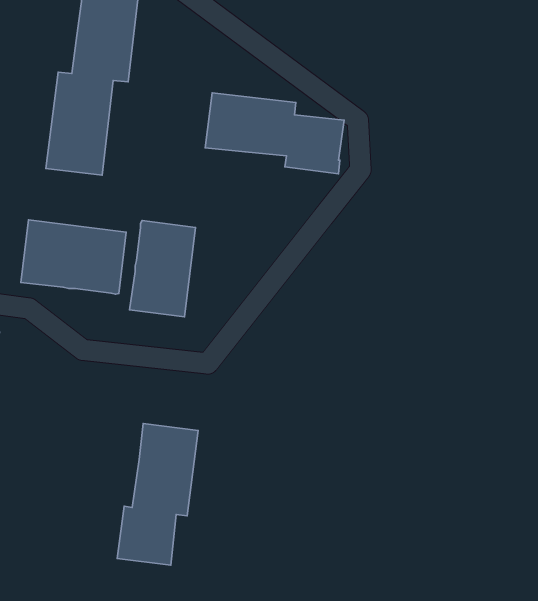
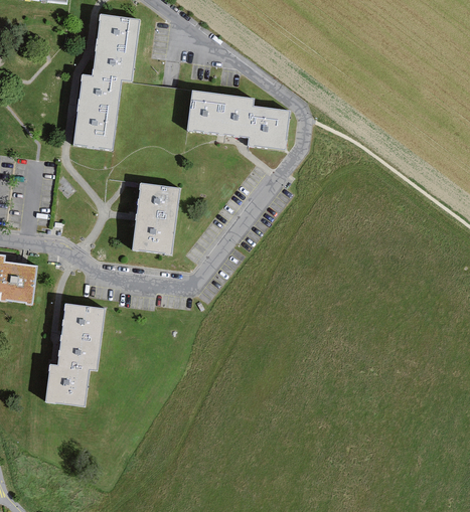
building: [21,220,126,294] -> none
building: [117,424,198,565] -> [45,303,105,406]

